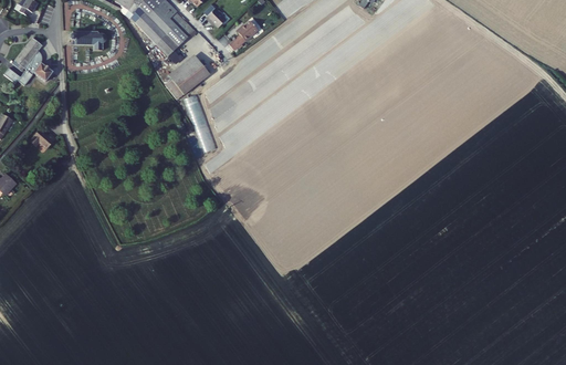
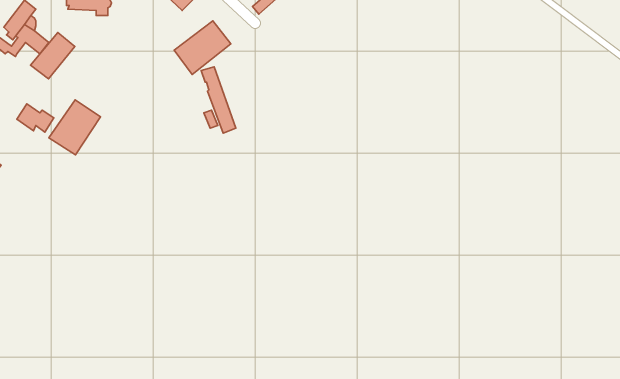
building: none -> [30,32,75,79]
building: none -> [49,100,101,155]

